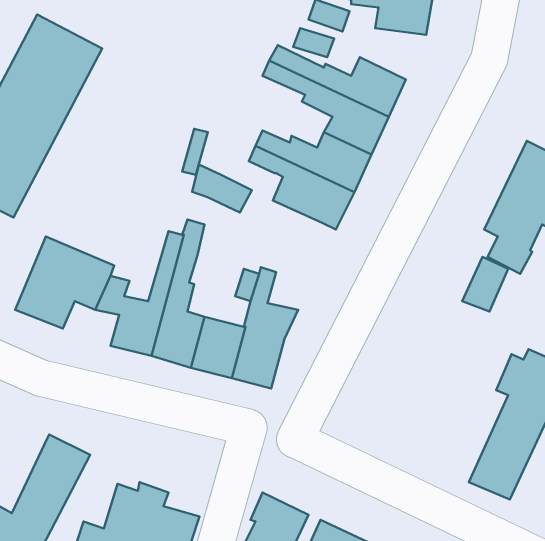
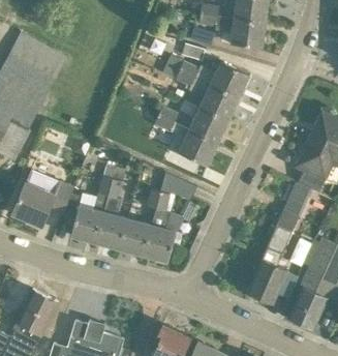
building: [192,165,252,212] -> [161,172,197,201]
building: none -> [247,212,298,303]

